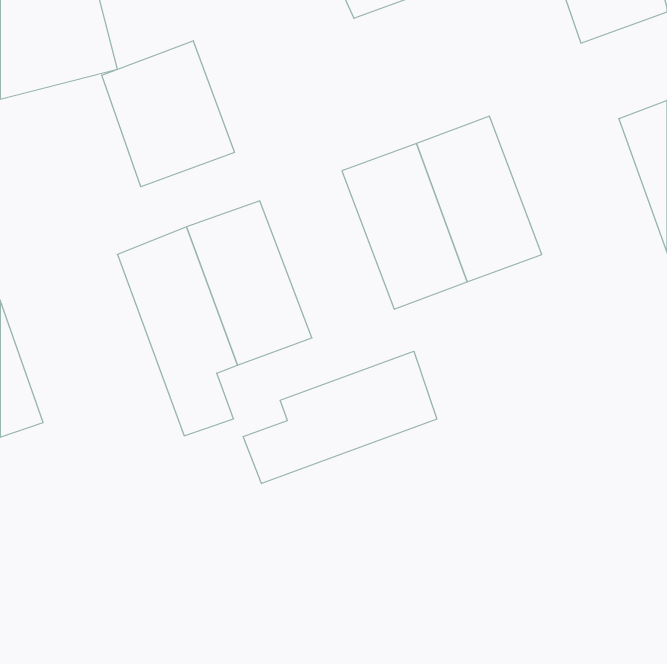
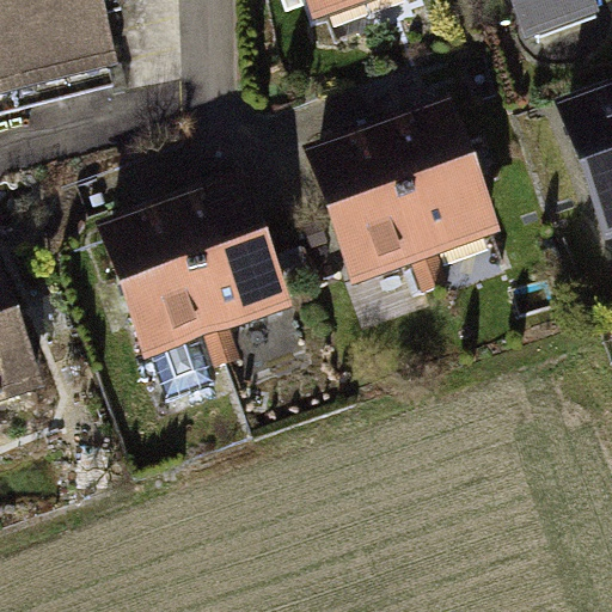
building: [102,41,234,187] -> none
building: [243,351,437,484] -> none

